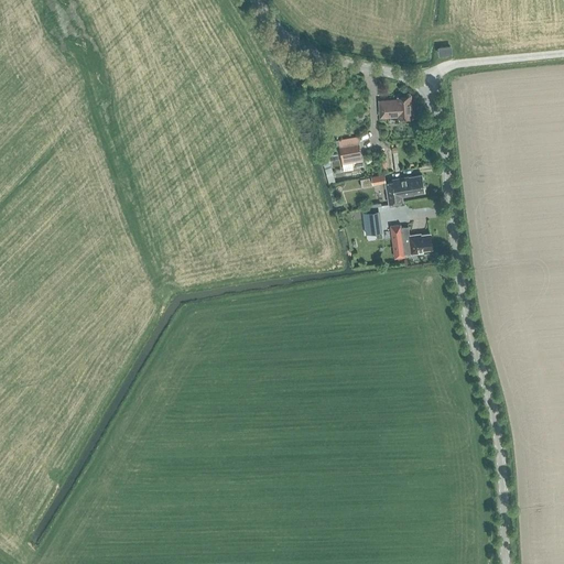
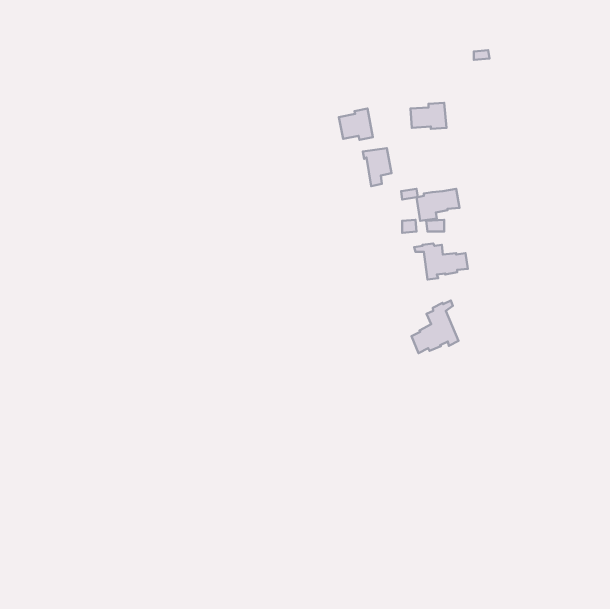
building: none -> [339,109,373,140]
building: none -> [411,300,459,353]

